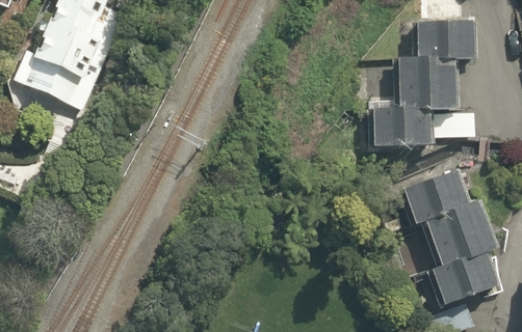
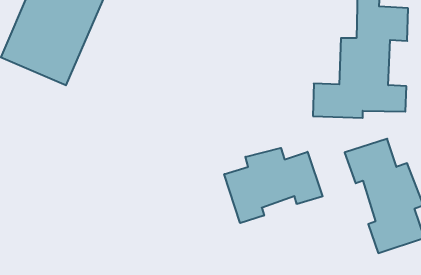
building: none -> [224,148,323,223]

